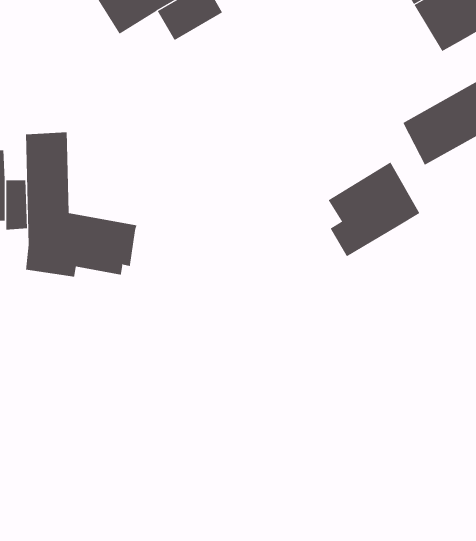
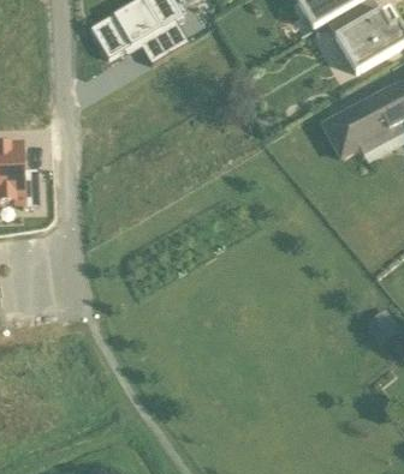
building: [26,132,137,278] -> none
building: [328,162,420,257] -> none

